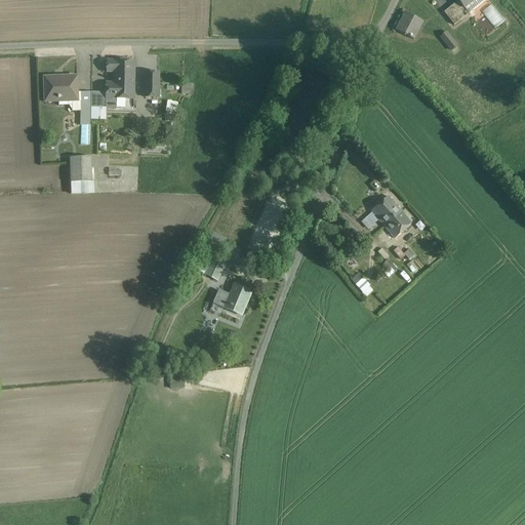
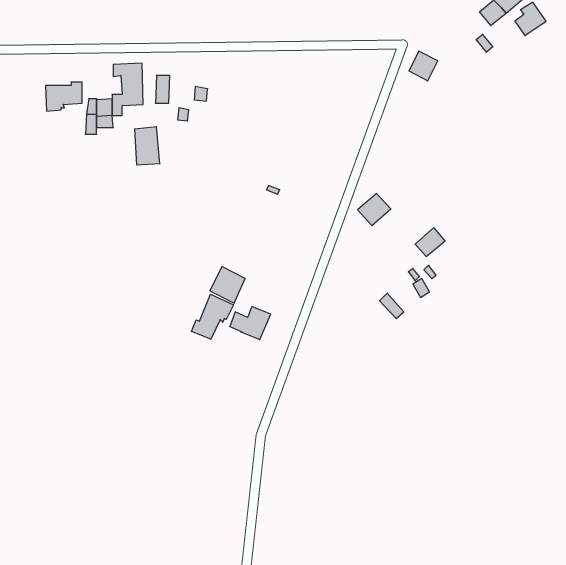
building: [395,10,421,38] -> [409,51,438,81]
building: [69,155,92,190] -> [134,127,160,165]
building: [370,196,401,226] -> [358,193,391,226]
building: none -> [191,294,234,339]

